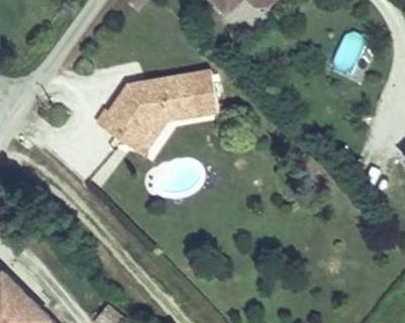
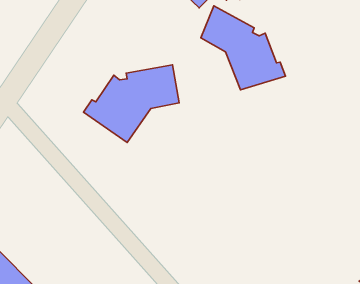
building: none -> [201,6,286,90]

